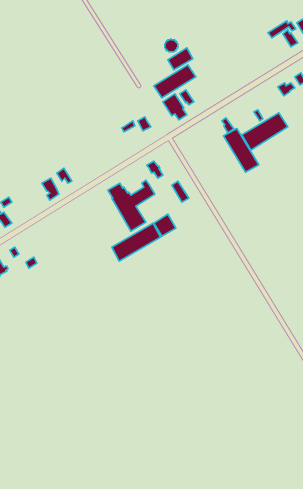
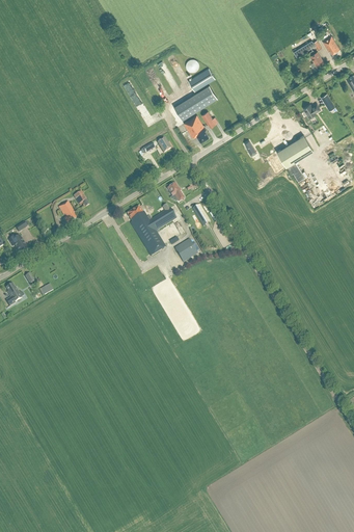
building: [224,128,259,172] -> none
building: [112,223,161,261] -> none

